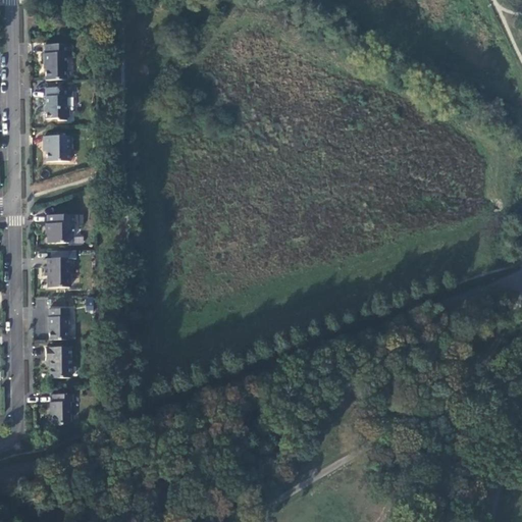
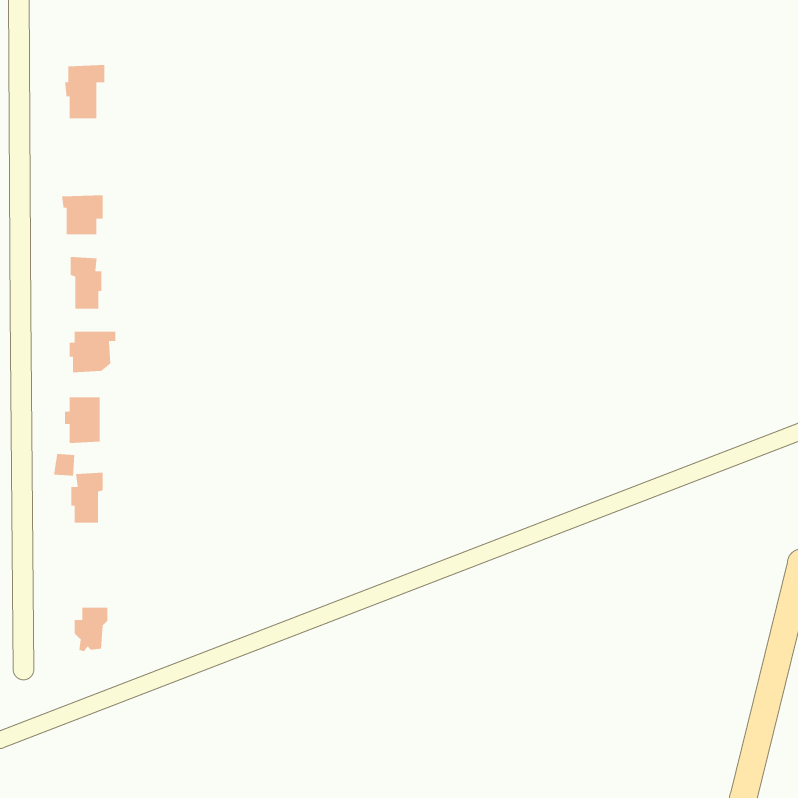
building: [44,86,72,121] -> none
building: none -> [70,256,102,309]
building: [46,351,71,379] -> none

